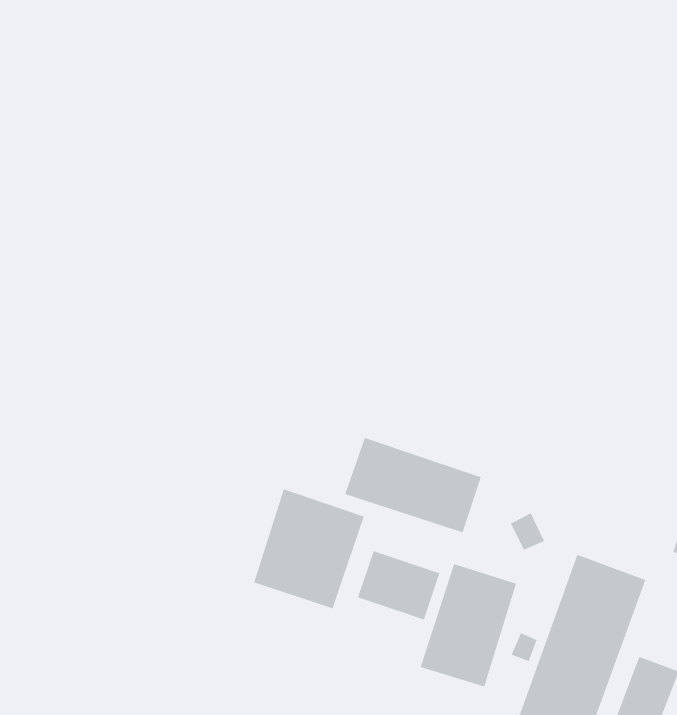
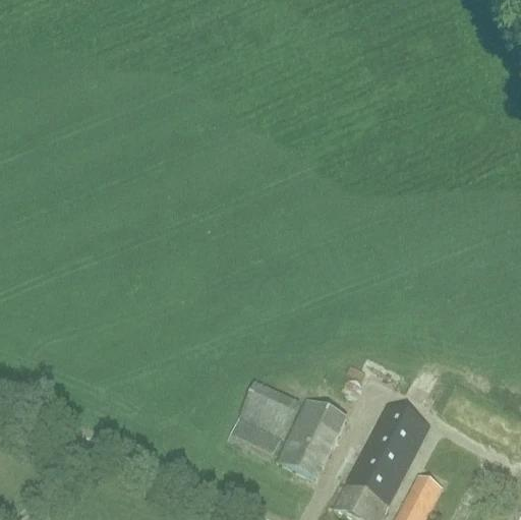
building: [345,437,481,533] -> none
building: [254,488,364,609] -> none

